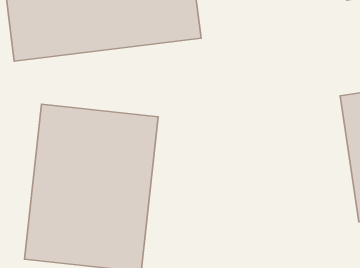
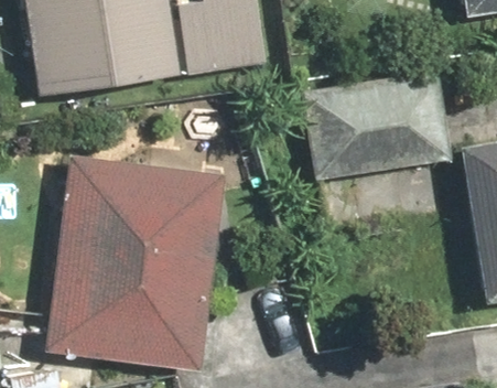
building: none -> [309,76,450,180]

